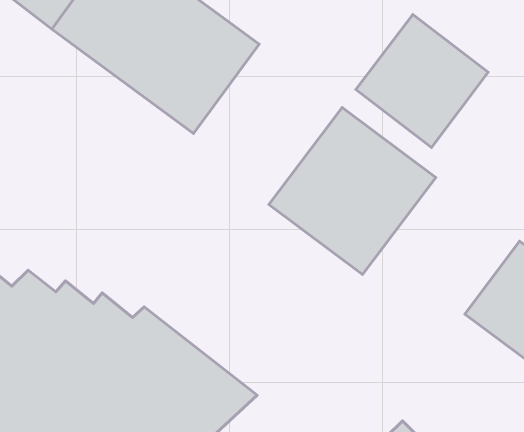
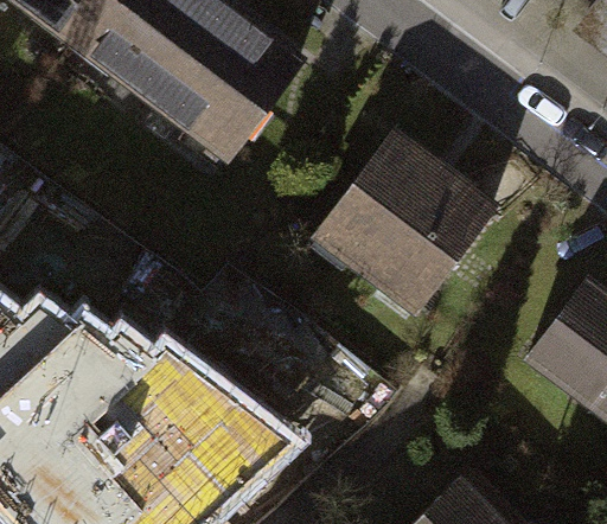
building: [356,14,488,147] -> none

